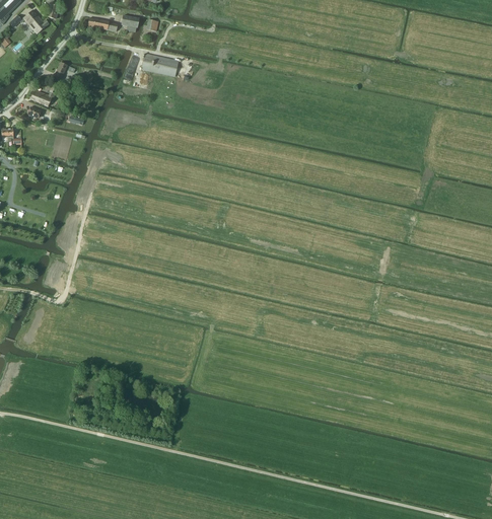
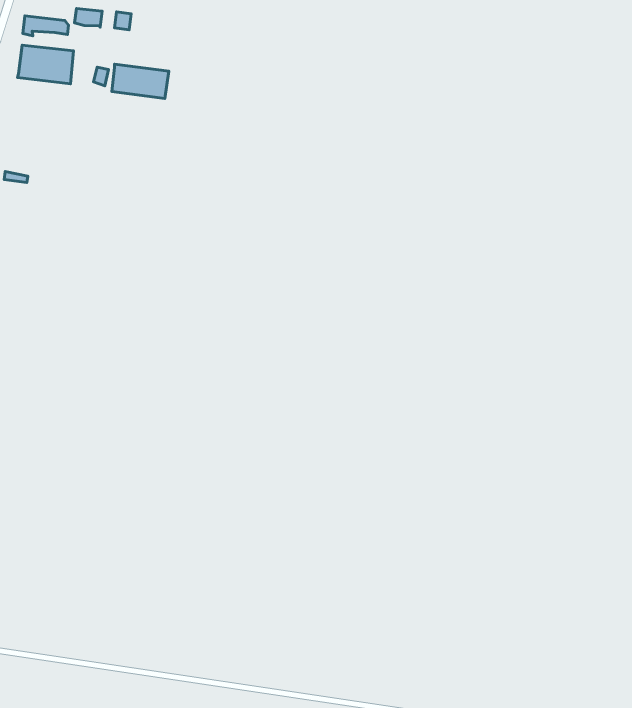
building: none -> [18,45,74,84]

